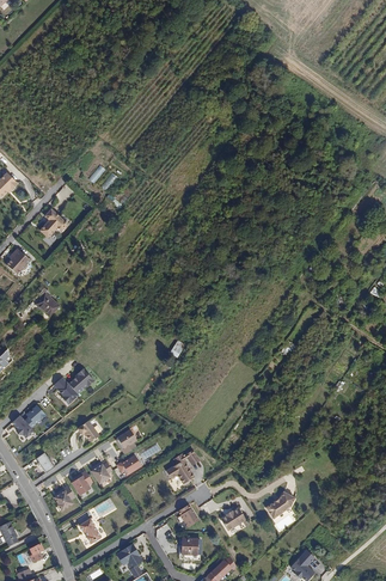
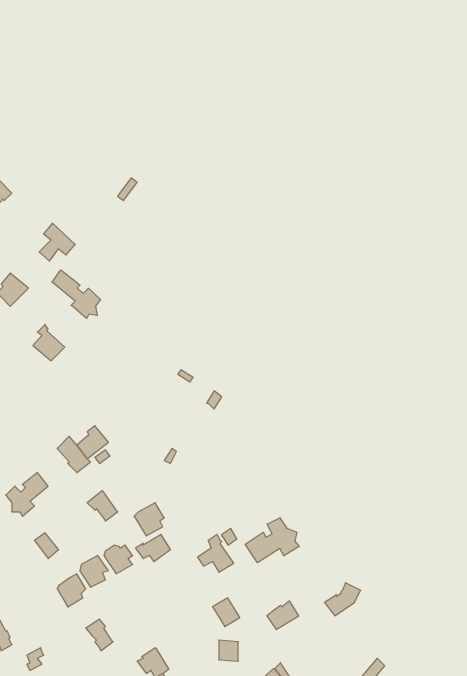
building: none -> [52,270,100,318]
building: none -> [245,518,299,563]

